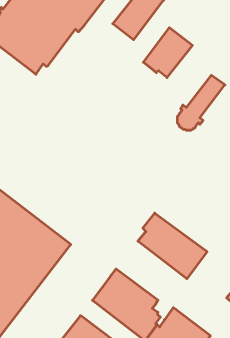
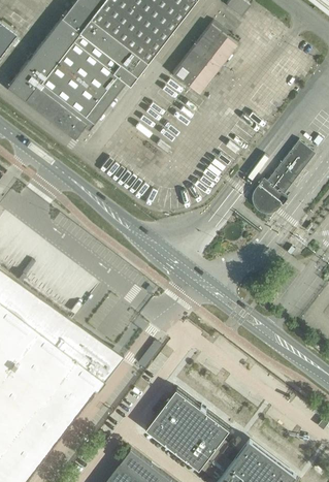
building: [143,28,192,78] -> none
building: [138,213,207,279] -> none

